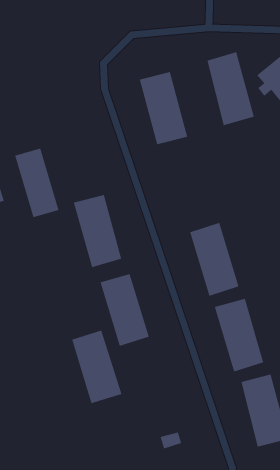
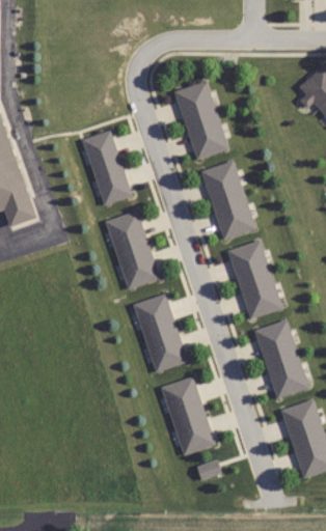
building: [206,51,255,126] -> [202,161,253,240]
building: [14,147,59,218] -> [83,131,131,205]
building: [71,329,122,404] -> [161,376,215,455]

